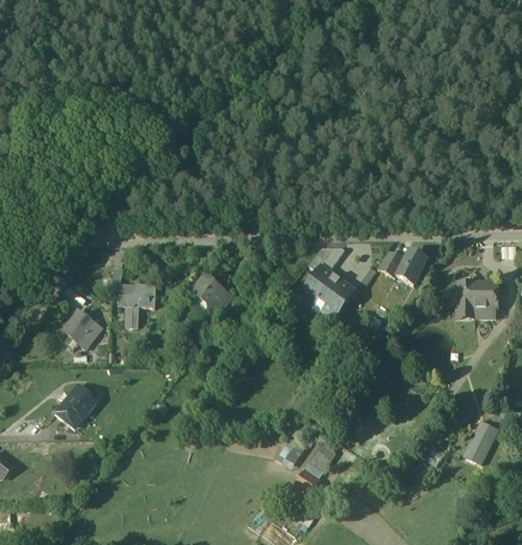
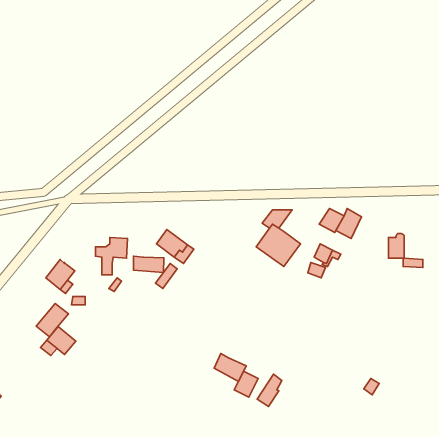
building: [475,283,498,308] -> none
building: none -> [133,256,164,272]
building: none -> [36,303,68,337]
building: none -> [214,353,246,381]
building: [467,420,498,458] -> none

